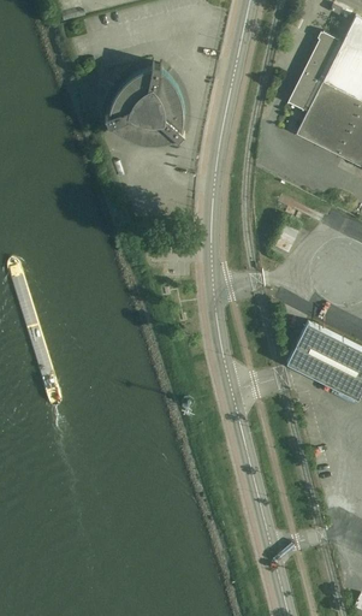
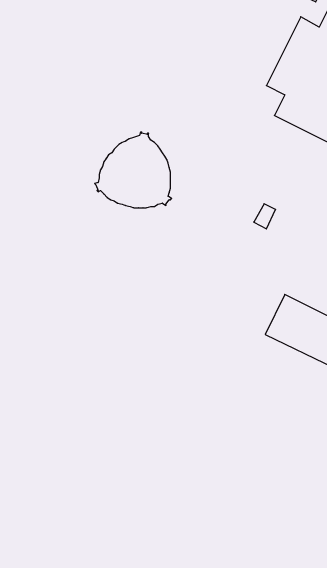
building: [105,64,185,143] -> [95,132,172,208]

